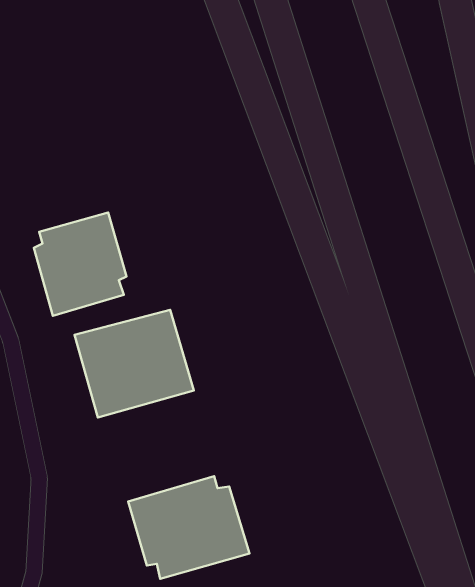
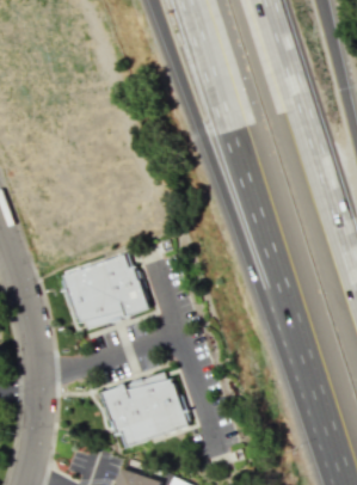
building: [34,212,126,316] -> none

